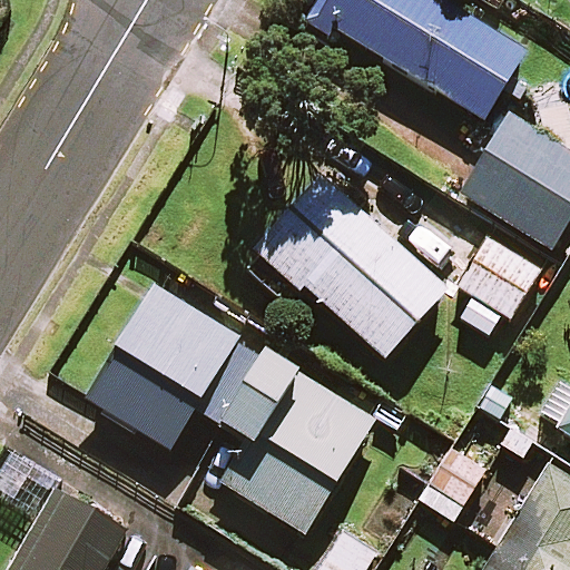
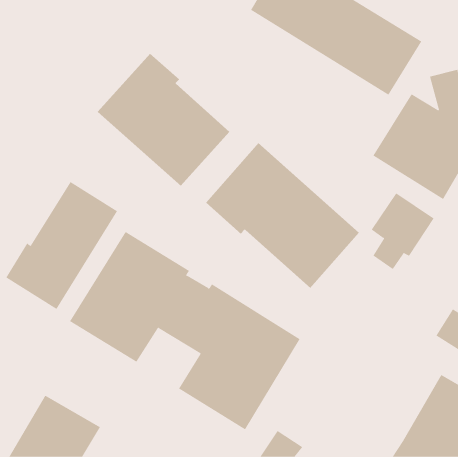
building: none -> [97,53,230,187]
building: none -> [5,181,118,310]

